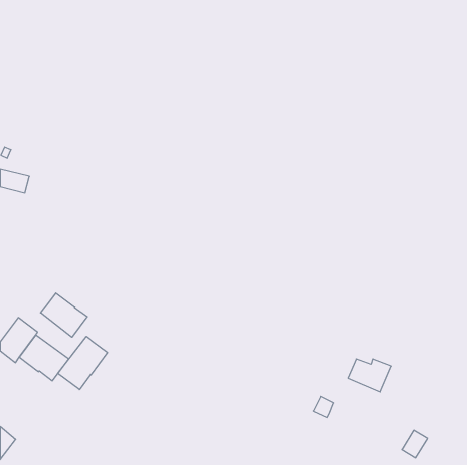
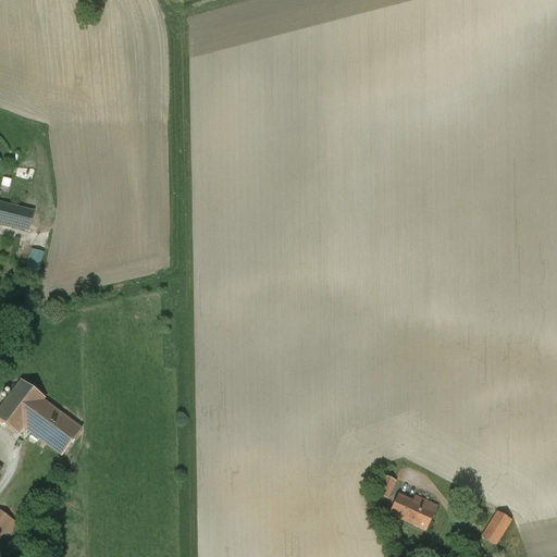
building: [40,293,87,337] -> none
building: [58,337,108,390] -> none
building: [348,359,391,392] -> [387,491,438,530]

